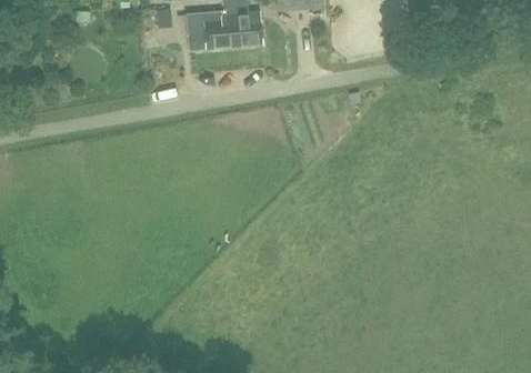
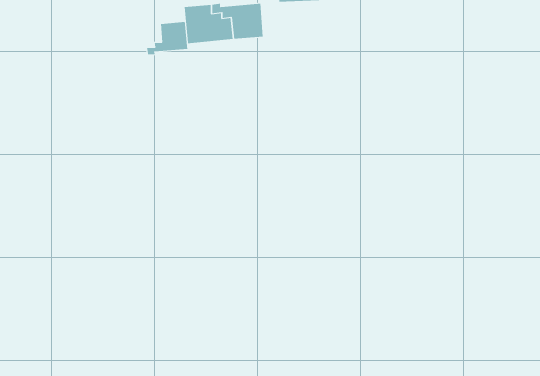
building: none -> [146,21,188,55]

